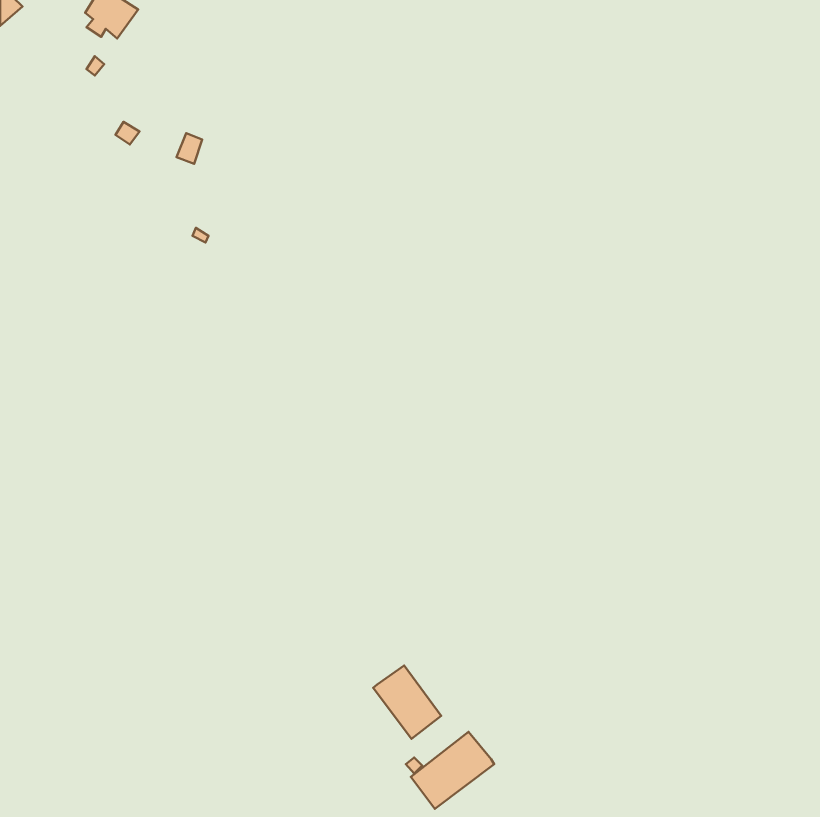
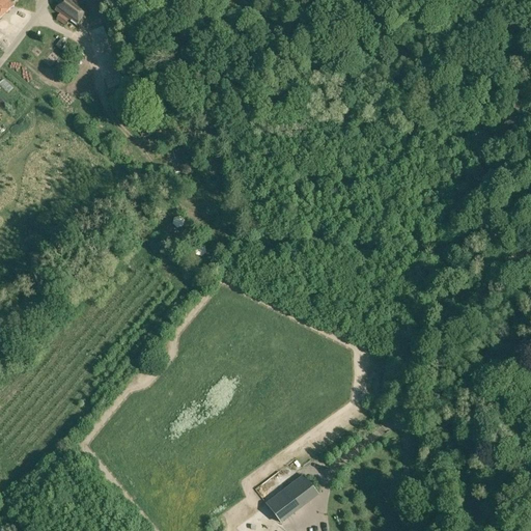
building: [373,665,441,739] -> none

